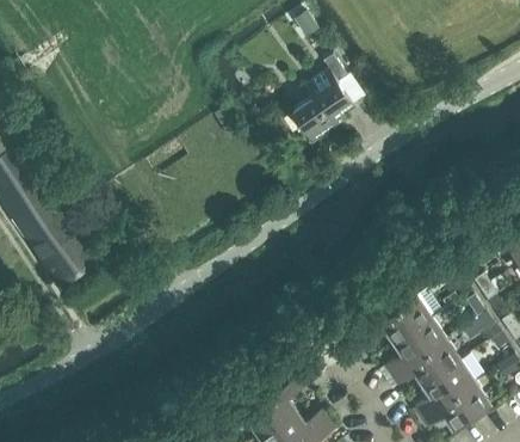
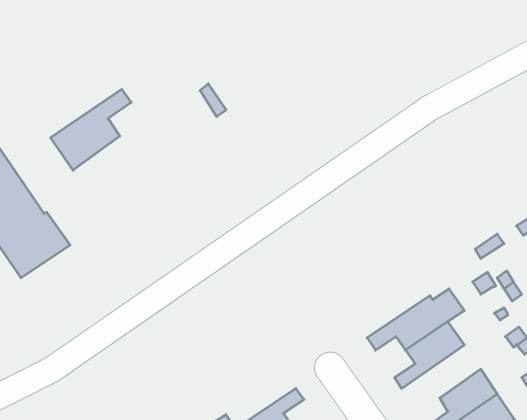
building: [290,57,353,145] -> none
building: none -> [51,89,131,170]
building: [390,340,459,388] -> none

